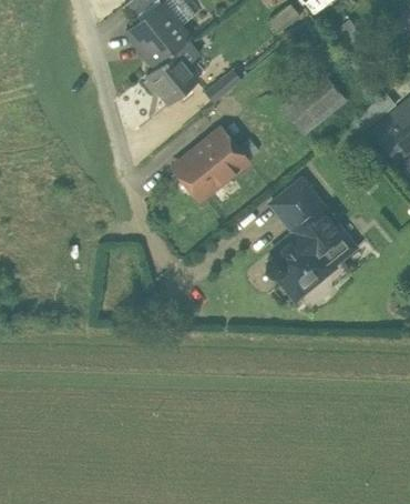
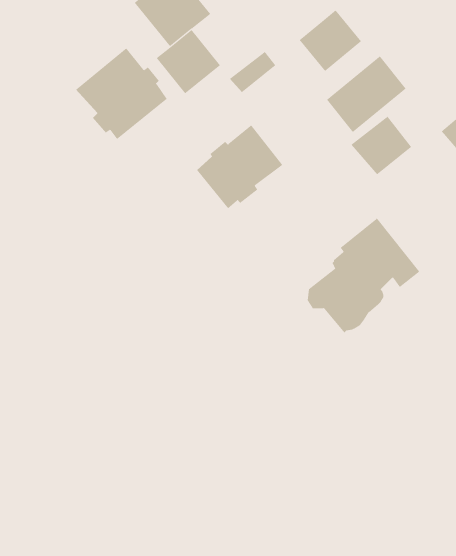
building: none -> [299,9,362,72]
building: none -> [75,47,168,140]
building: [271,181,321,229] -> [351,116,413,175]

